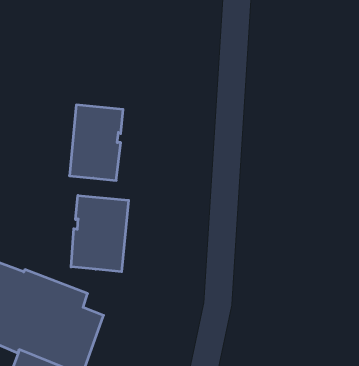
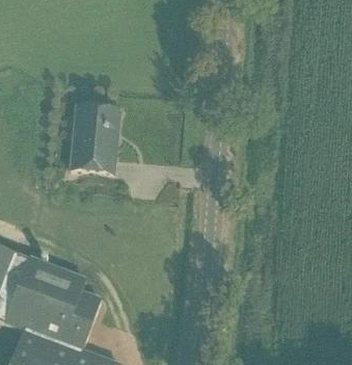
building: [71,195,129,272] -> none

